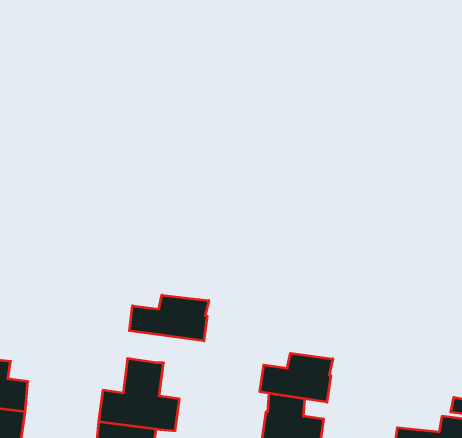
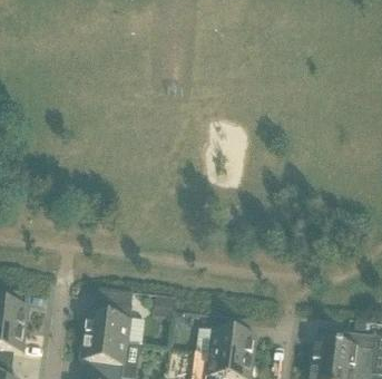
building: [129,295,209,341] -> none
building: [260,353,333,402] -> none

